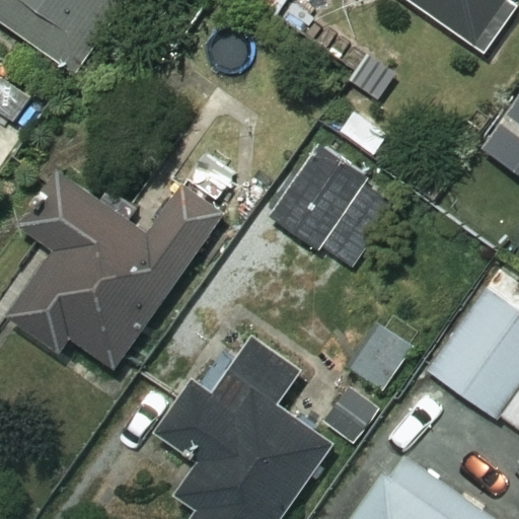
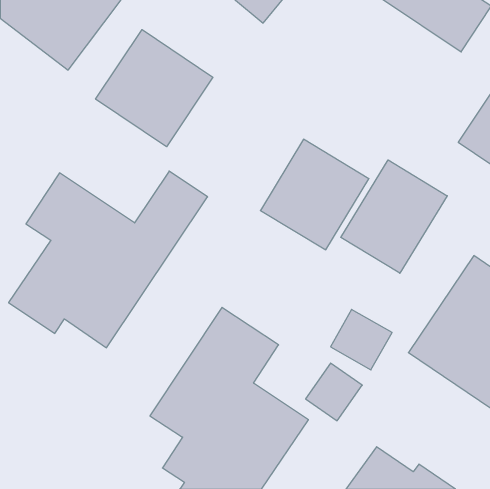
building: none -> [96,30,213,147]
building: none -> [341,160,447,273]

